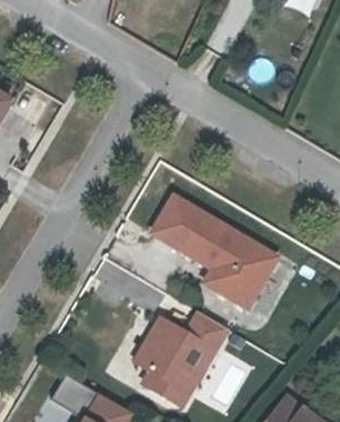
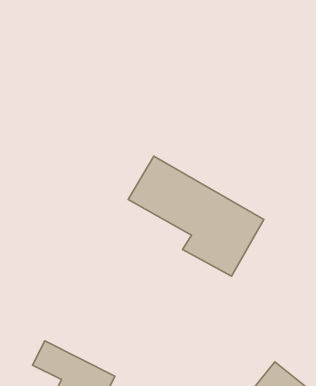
building: [124,309,229,405] -> none

